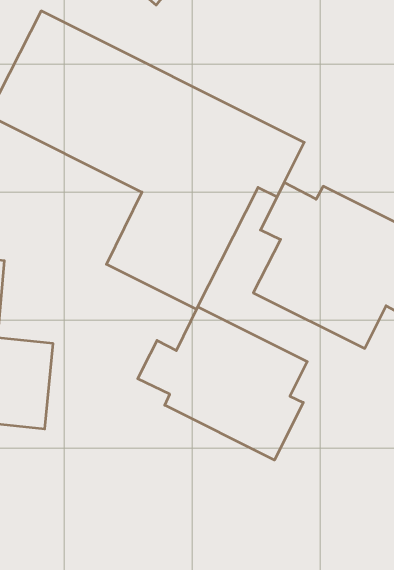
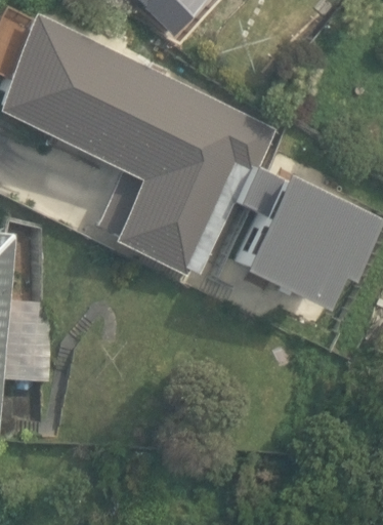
building: [138,307,307,460] -> none

